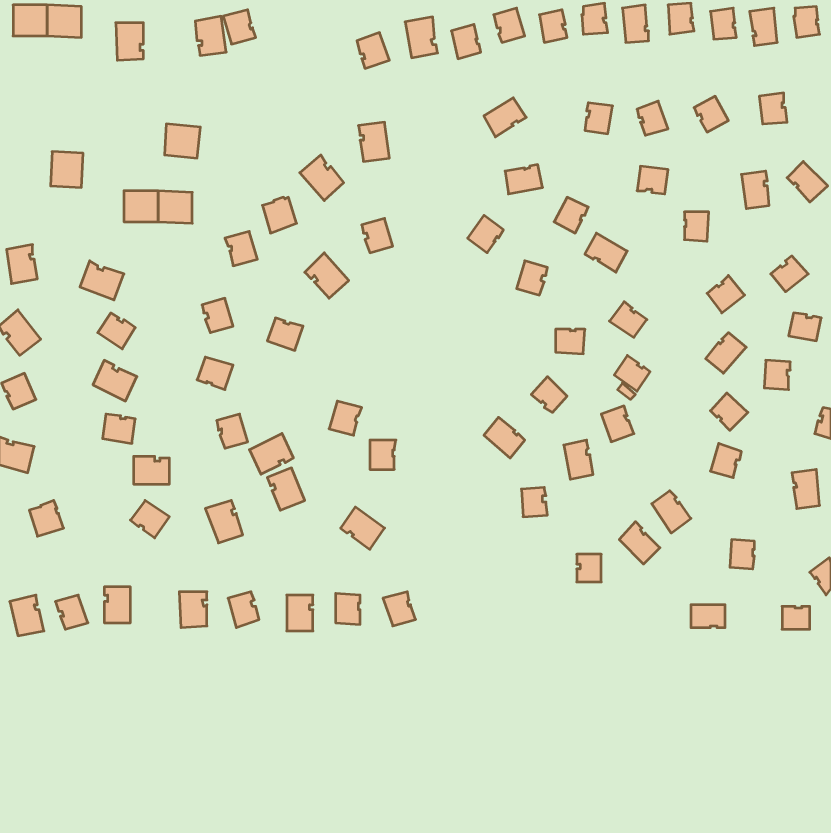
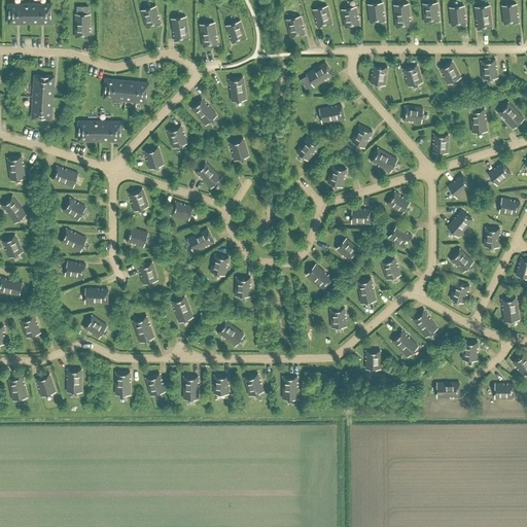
building: [195,16,226,55] -> [170,16,189,41]
building: [405,17,438,58] -> [198,23,218,48]
building: none -> [33,74,54,97]
building: none -> [125,80,148,102]
building: [249,433,293,474] -> [185,227,213,253]
building: none -> [280,376,297,399]

